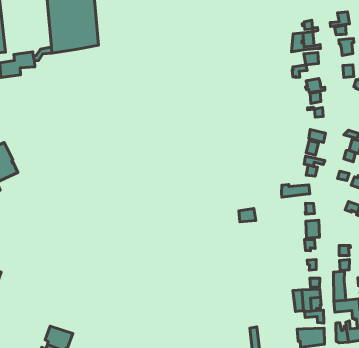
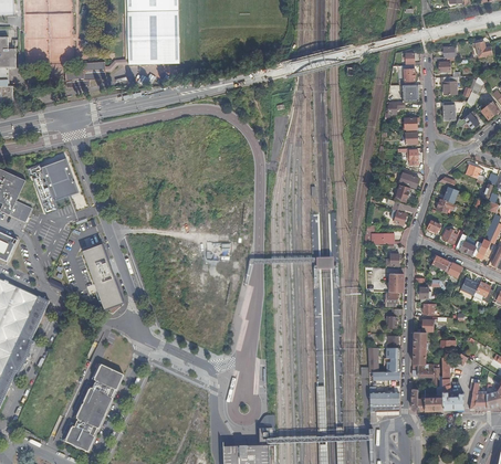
building: none -> [83,243,122,308]

